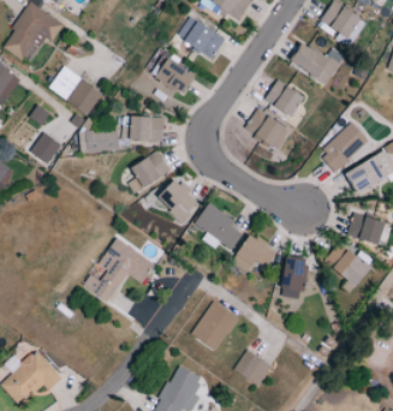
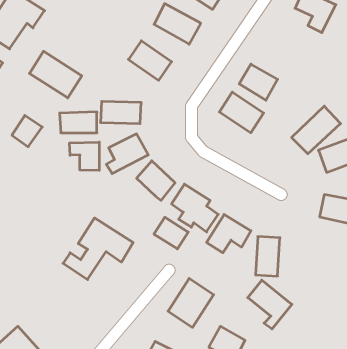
building: [291,42,344,84] -> none
building: none -> [70,142,99,170]
building: none -> [154,217,188,249]
building: [324,243,370,293] -> [248,280,292,329]

